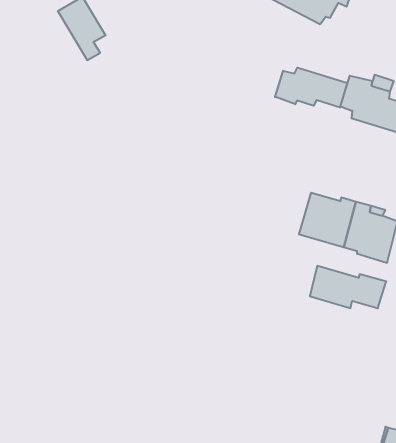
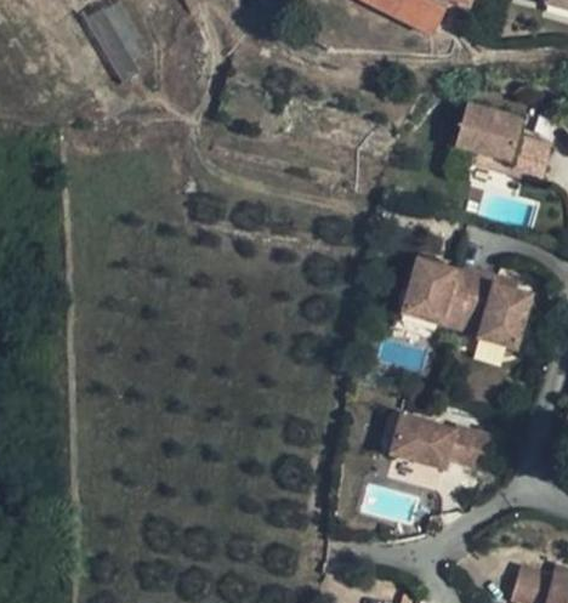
building: [275,68,347,108] -> none
building: [310,266,386,308] -> [388,413,489,468]

